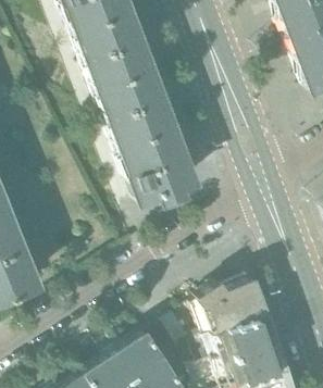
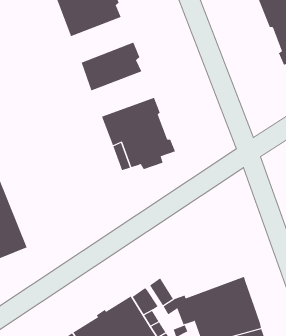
building: [84,39,151,87] -> none
building: [105,97,173,145] -> none
building: [196,279,269,337] -> none

